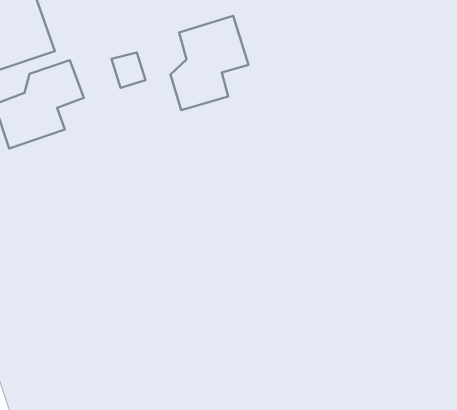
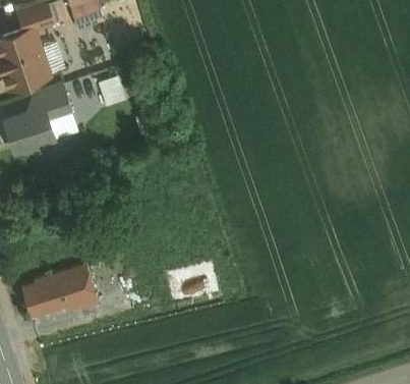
building: [170,16,248,110] -> none
building: none -> [21,262,102,317]

